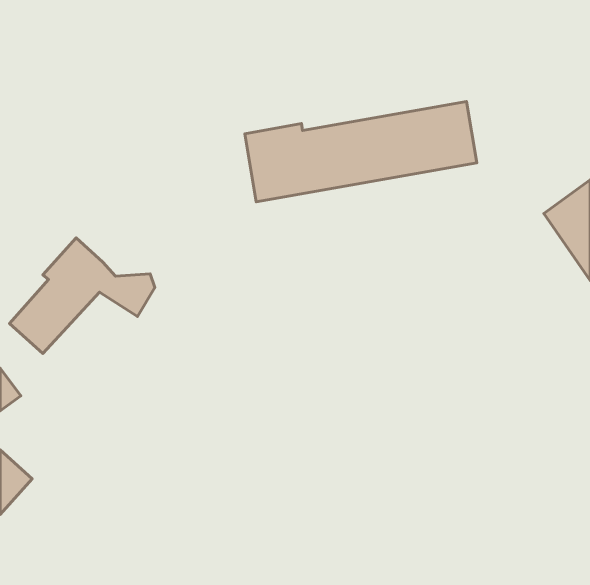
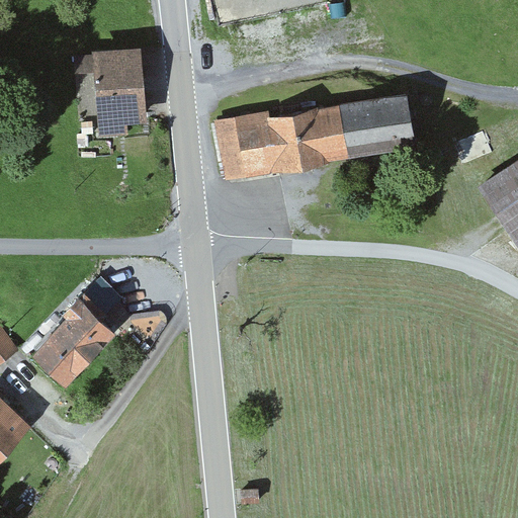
building: none -> [90,49,143,134]
building: [9,238,155,353] -> [36,284,164,385]

